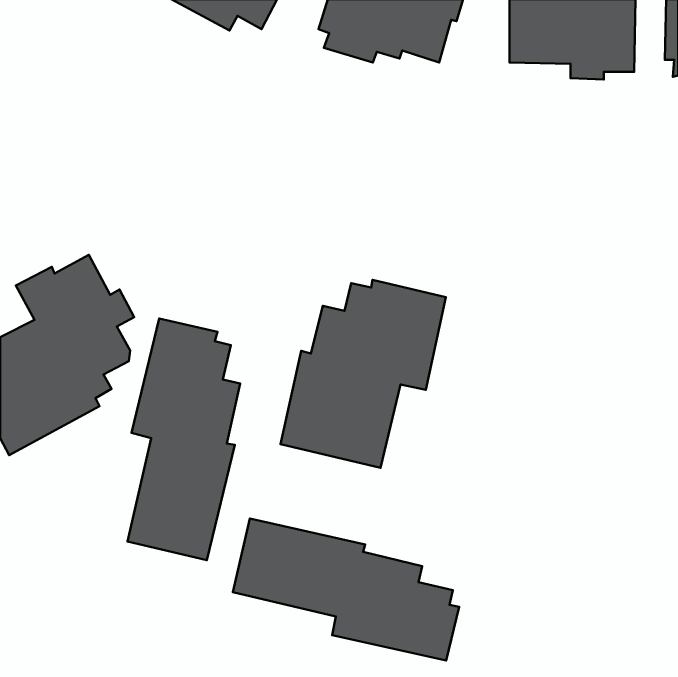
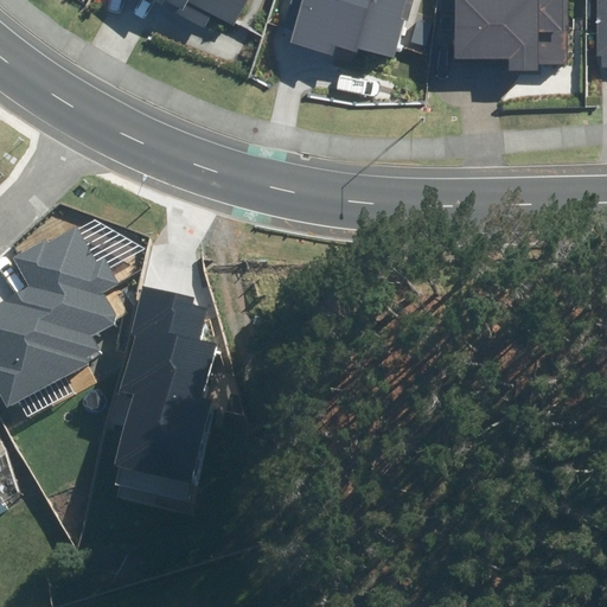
building: [280,280,446,468] -> none
building: [233,518,459,661] -> none

